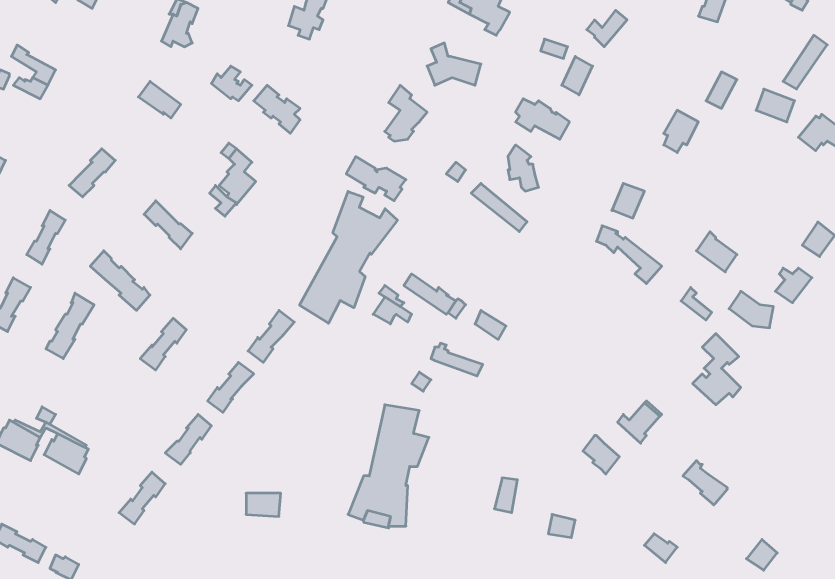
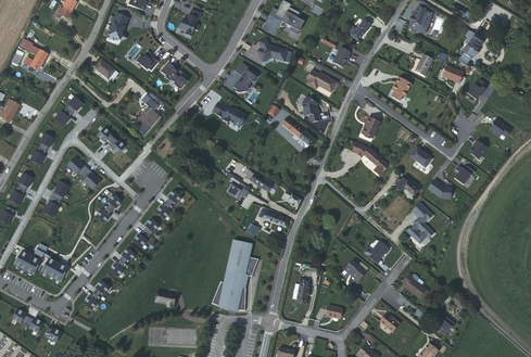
building: [300,191,397,323] -> none

